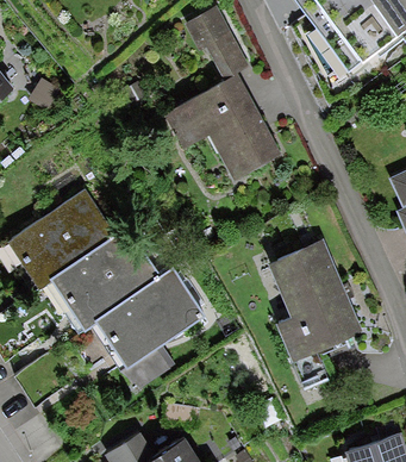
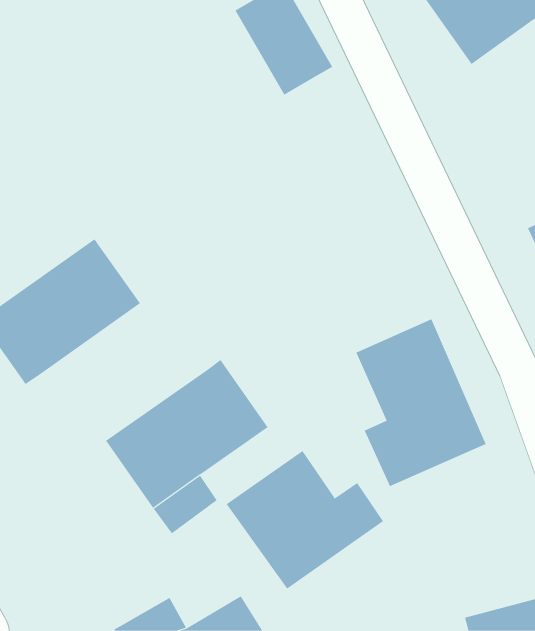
building: [162,73,286,186] -> none
building: [48,224,164,332] -> none
building: none -> [226,450,384,589]

